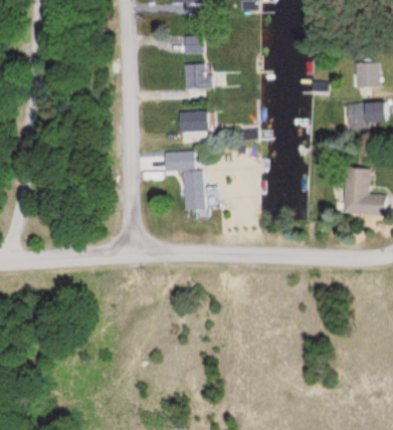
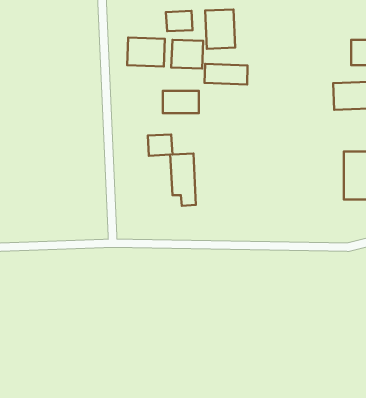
building: none -> [205,9,235,49]
building: none -> [127,37,165,66]
building: none -> [205,64,248,84]

